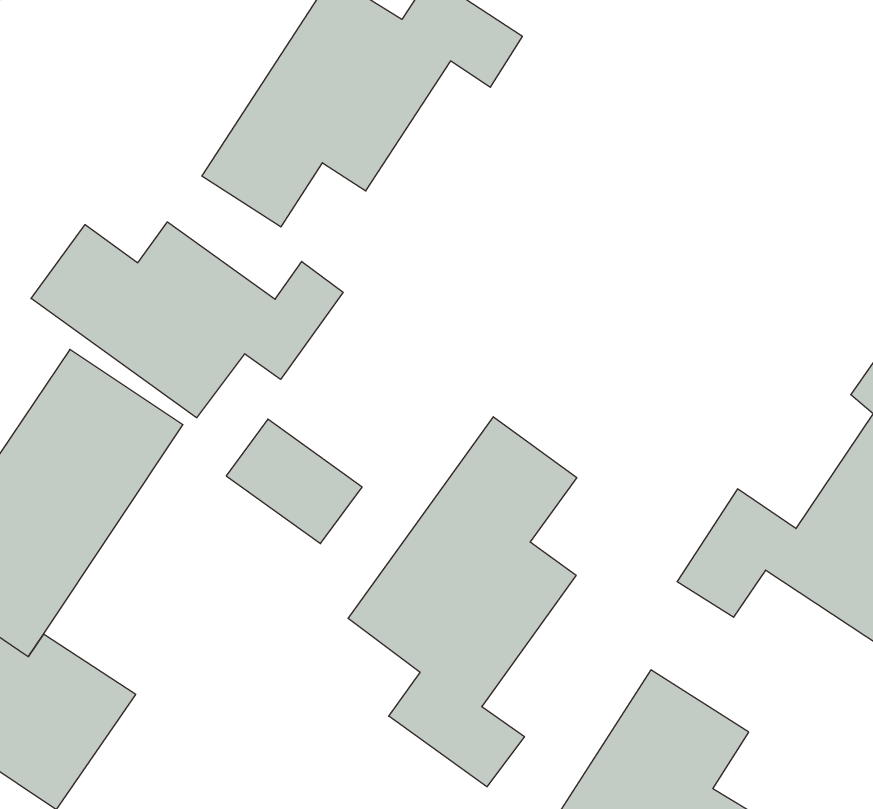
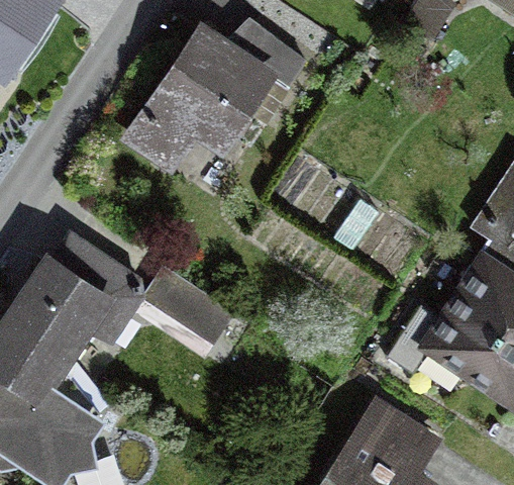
building: [31,222,343,418] -> none
building: [348,417,577,787] -> none

